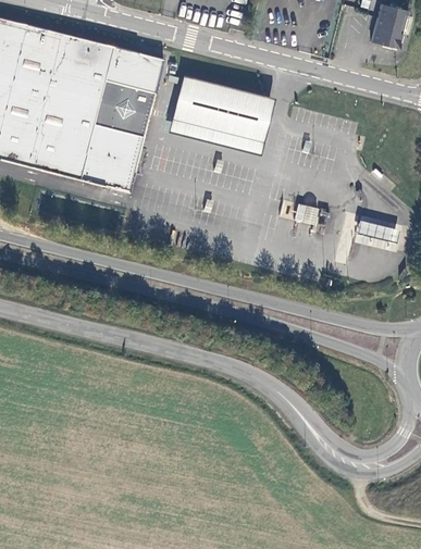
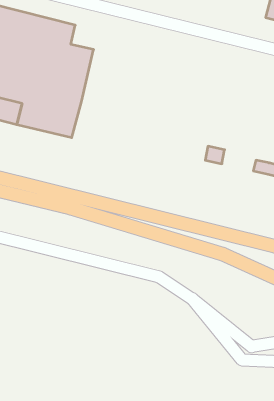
building: [128,51,163,82] -> none
building: [168,74,274,154] -> none

